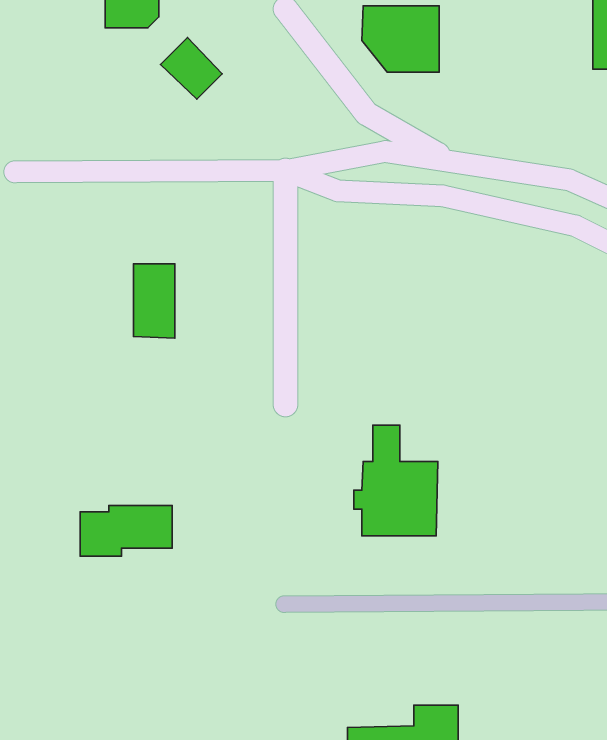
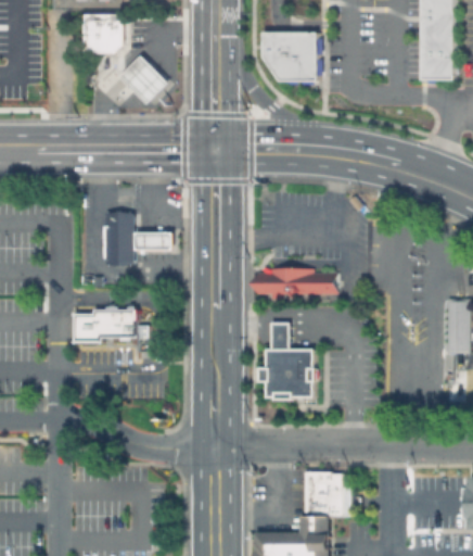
building: none -> [138,232,172,249]
building: none -> [258,268,338,293]
building: [80,506,172,556] -> [73,307,136,342]
building: none -> [303,471,348,516]

